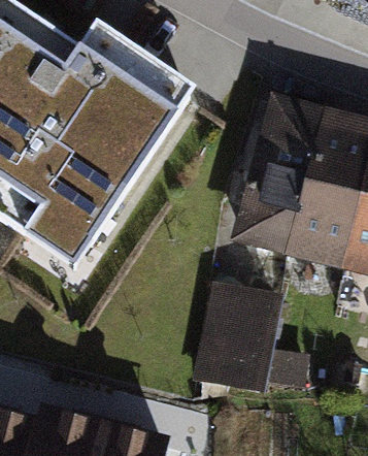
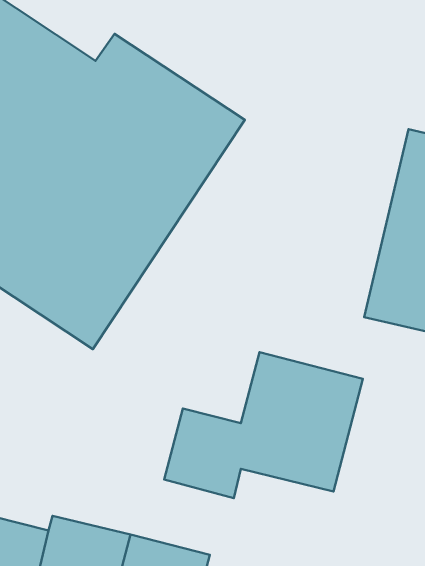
building: [232,97,323,255] -> none

